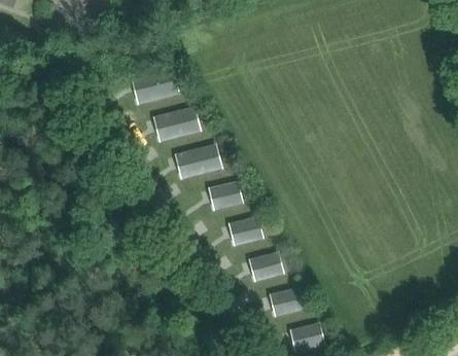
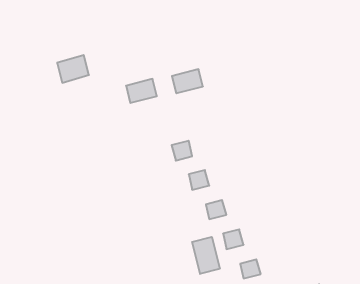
building: [136,68,174,101] -> [57,55,89,83]
building: [180,146,217,175] -> [172,69,203,93]
building: none -> [192,237,220,274]

